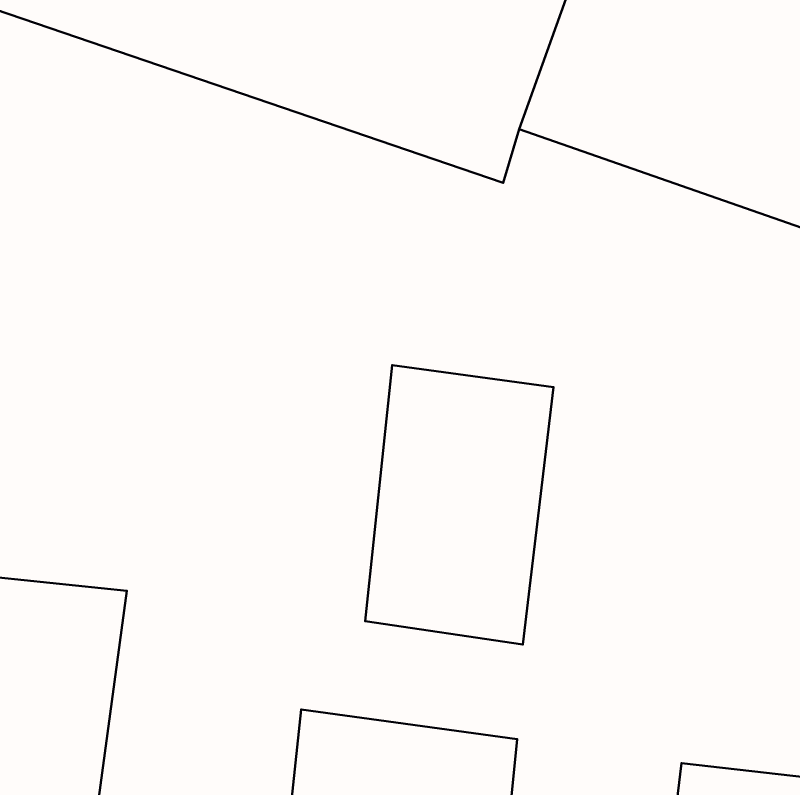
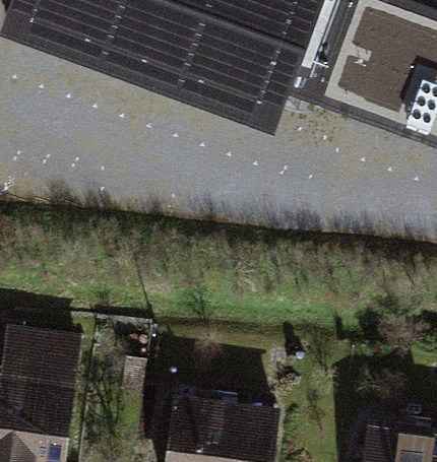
building: [365,365,553,644] -> none

